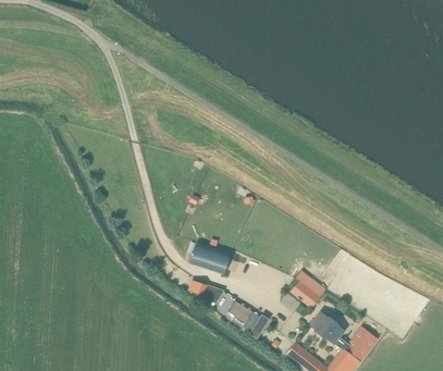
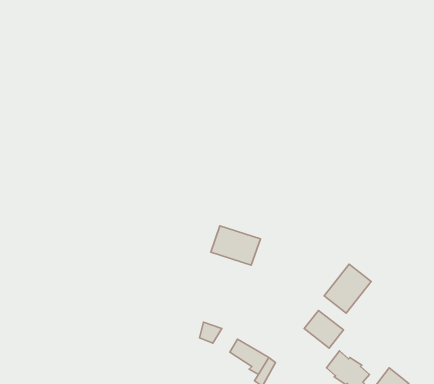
building: none -> [324,264,371,313]
building: [190,242,232,274] -> [211,226,260,265]

